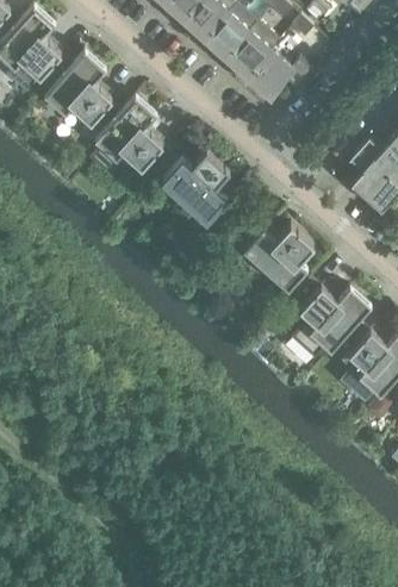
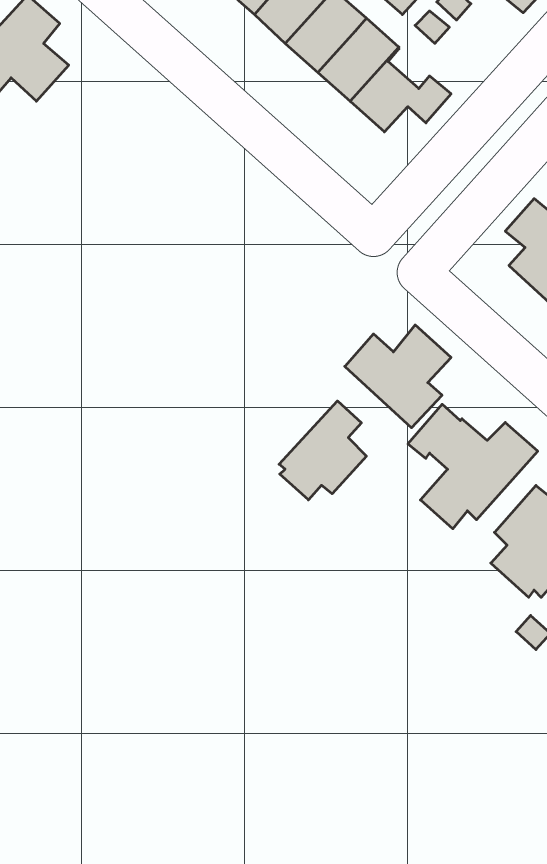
building: [43,51,110,121] -> none
building: [89,96,172,176] -> none
building: [161,149,228,220] -> none
building: none -> [279,401,366,500]

